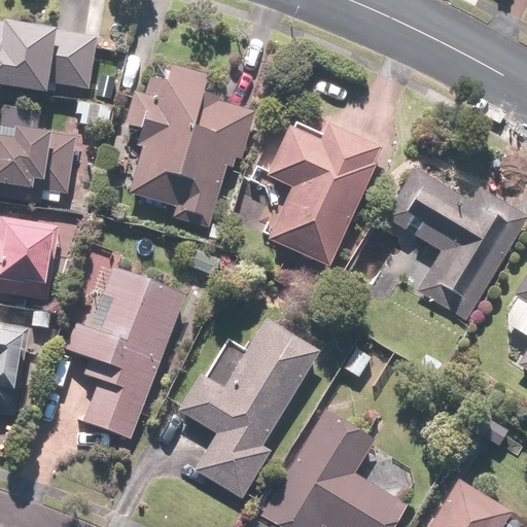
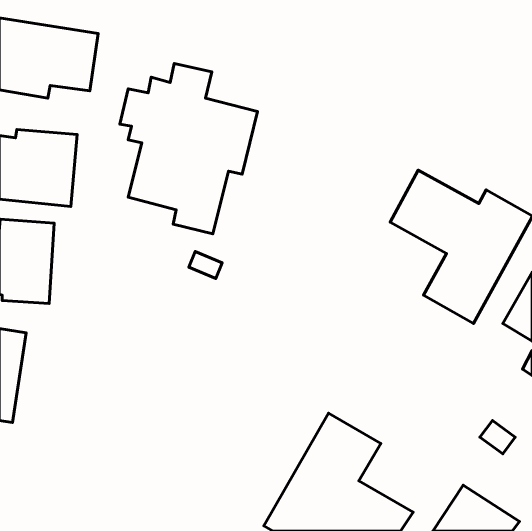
building: [268,117,379,269] -> none
building: [64,267,183,442] -> none
building: [179,319,317,500] -> none

